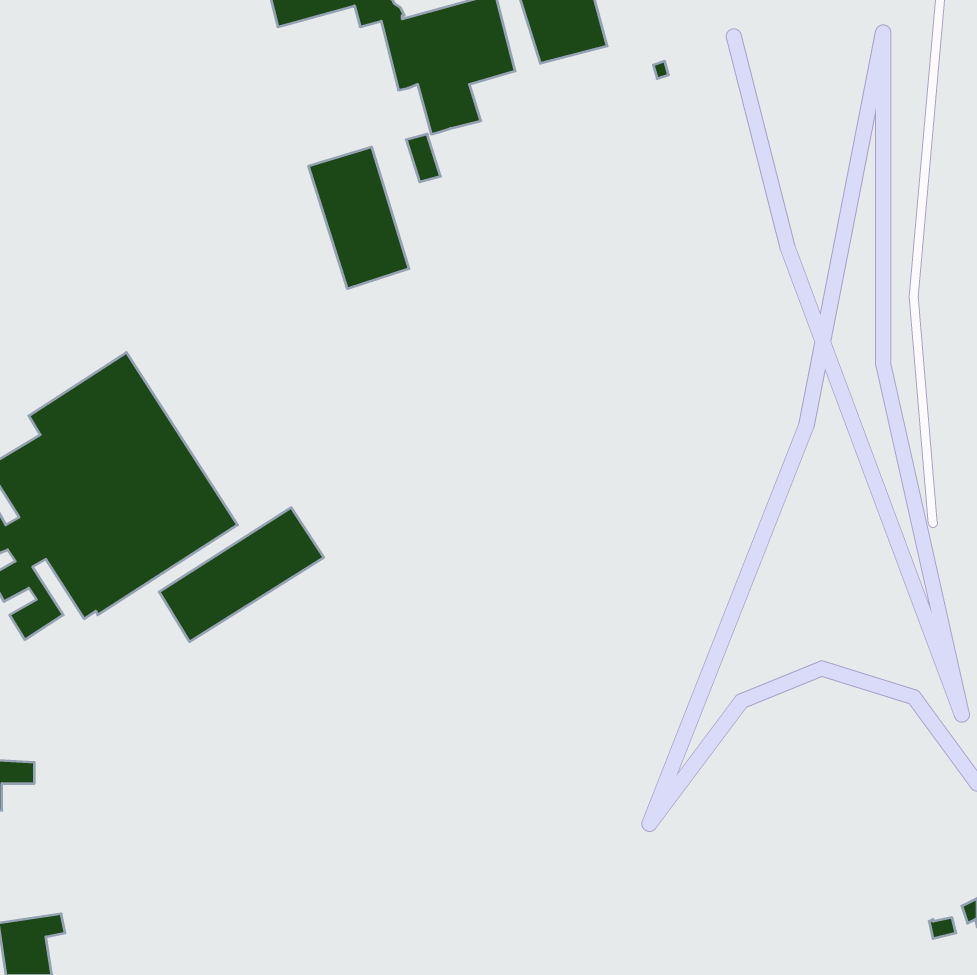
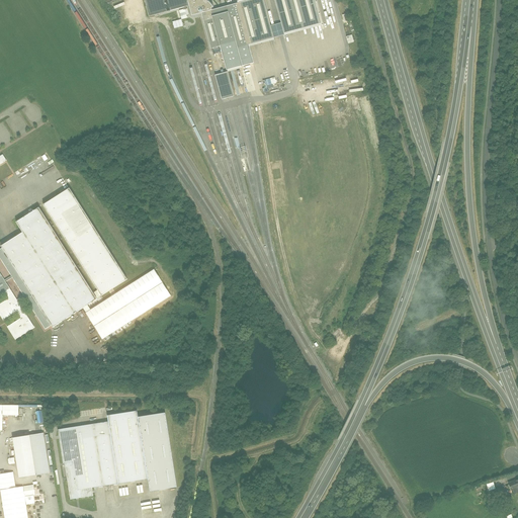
building: [309,147,409,289] -> none
building: none -> [56,410,177,498]
building: none -> [13,434,50,477]

